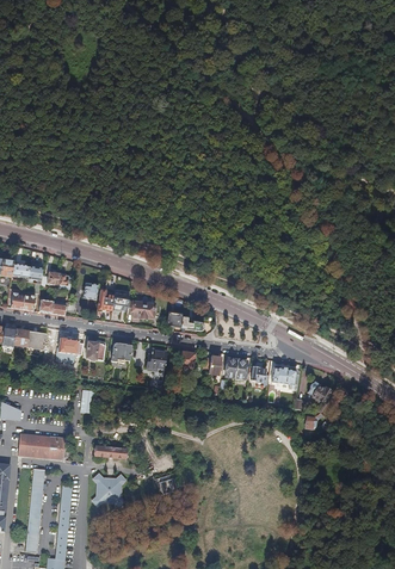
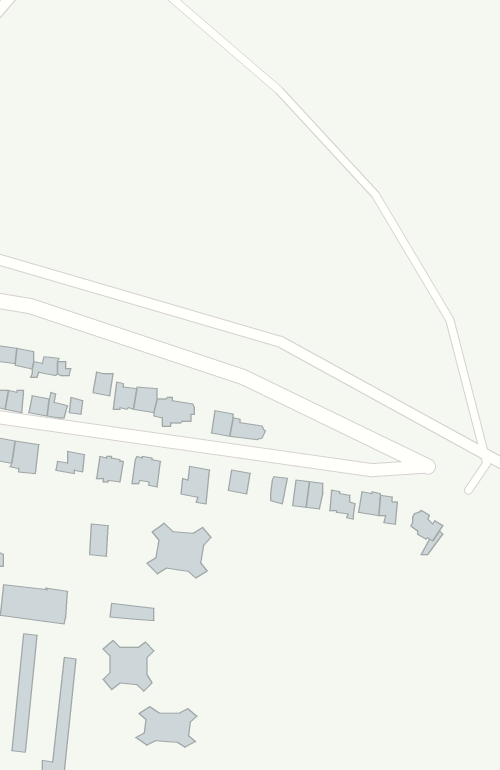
building: none -> [147,523,211,578]
building: none -> [136,707,197,747]

